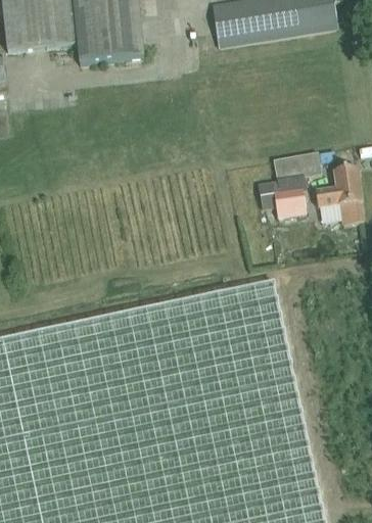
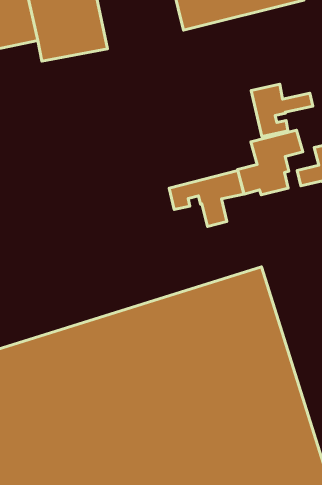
building: none -> [251,84,313,137]
building: none -> [169,170,244,226]

